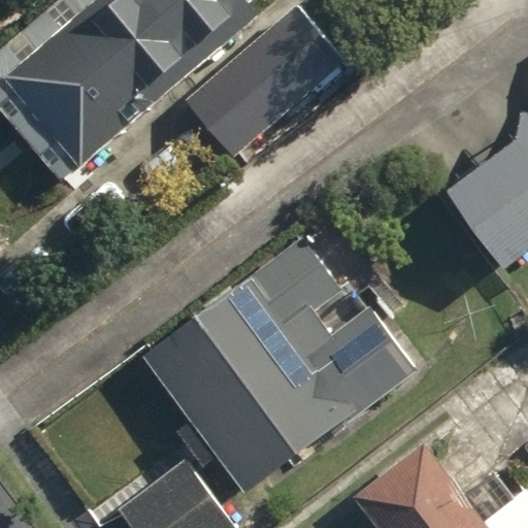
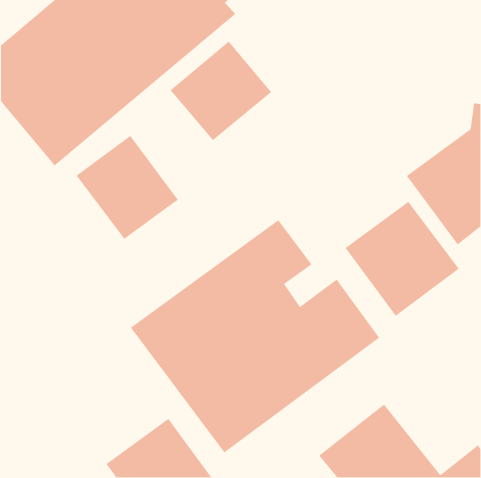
building: none -> [76,135,179,240]
building: none -> [345,201,460,317]

